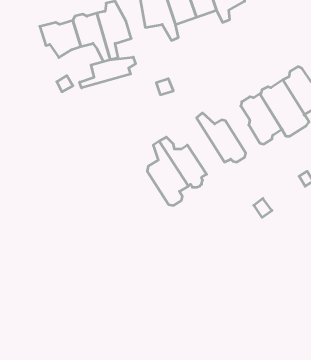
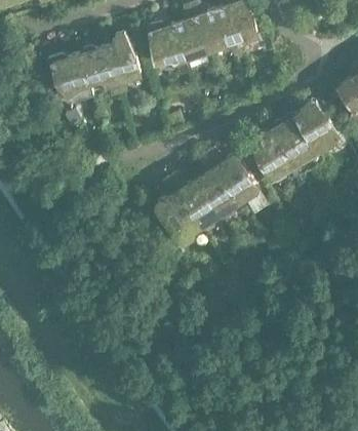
building: [80,57,136,88] -> none
building: none -> [196,150,234,209]

